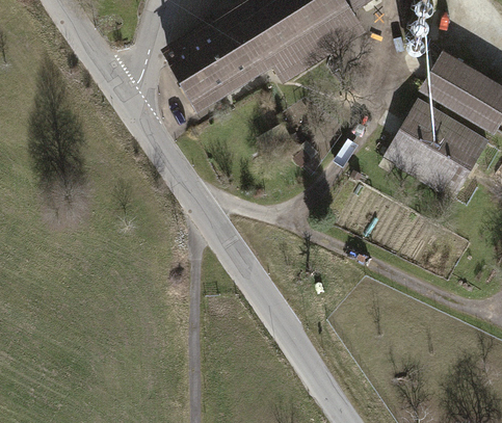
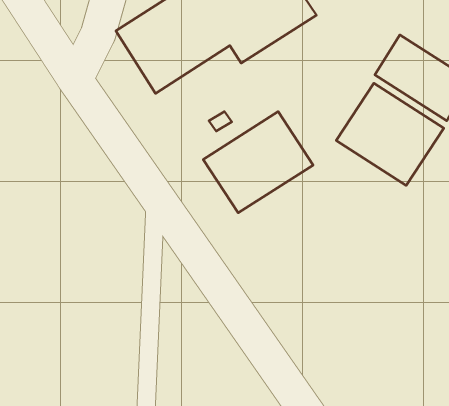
building: none -> [203,111,313,213]

